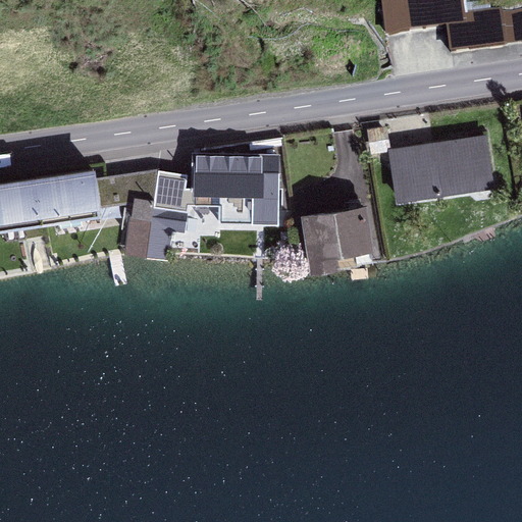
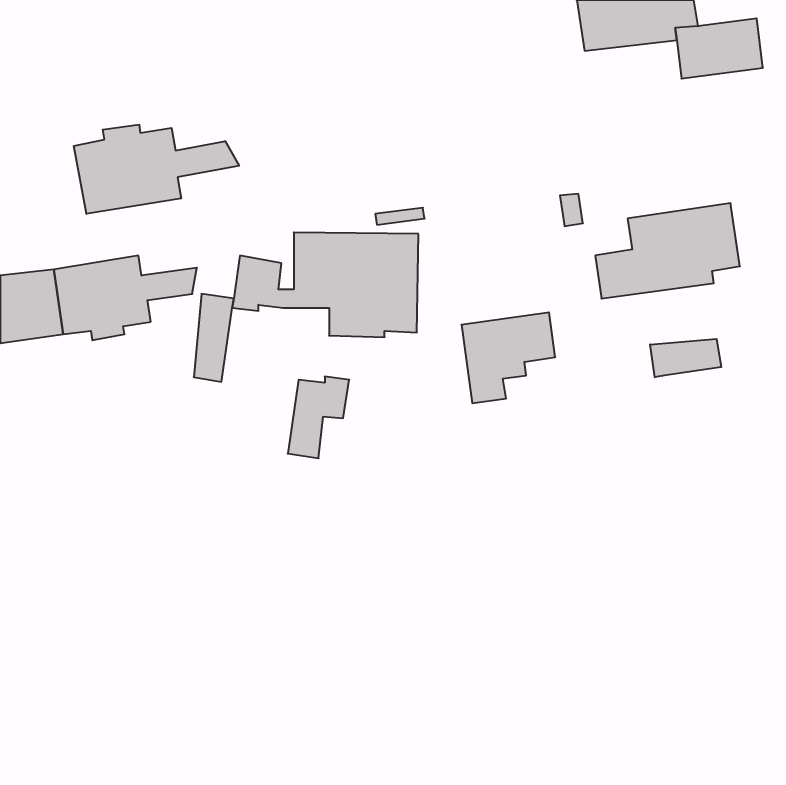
building: none -> [74,125,239,214]
building: [147,203,188,257] -> [288,377,349,458]
building: none -> [650,339,721,377]

